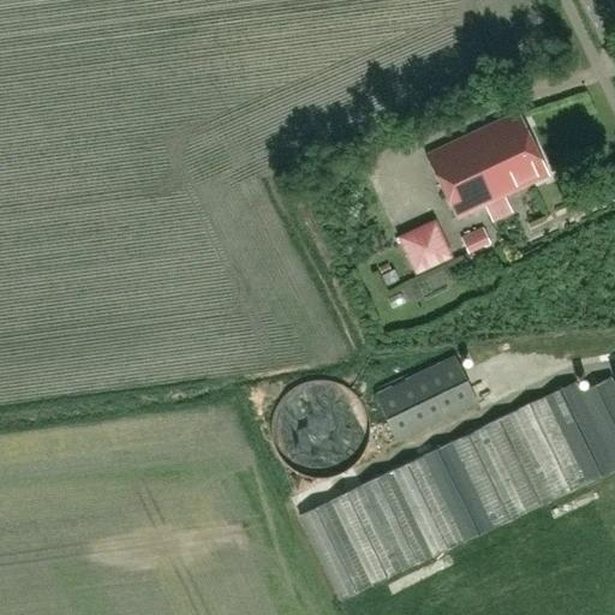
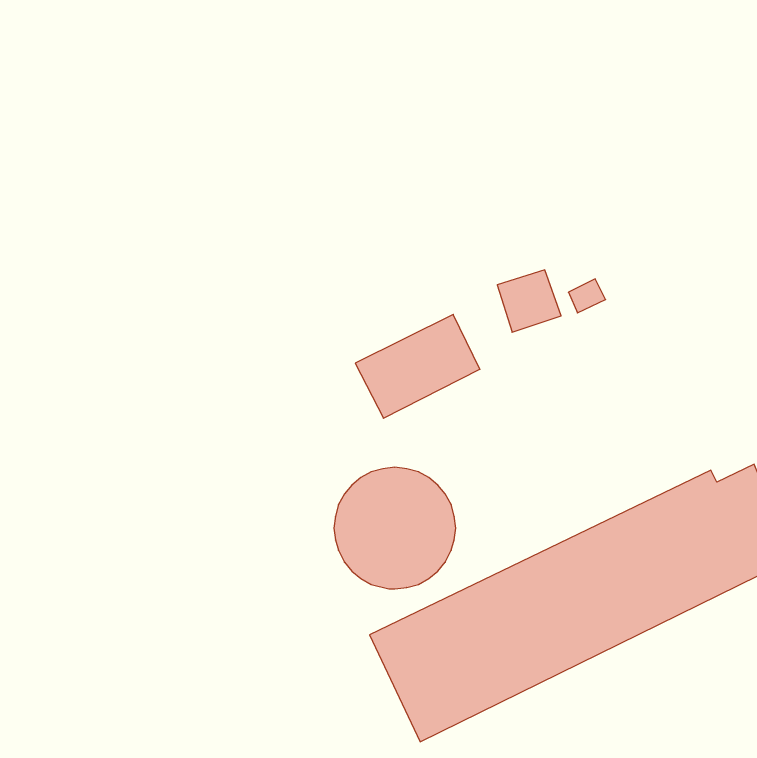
building: [428,109,547,216] -> none
building: [376,356,477,440] -> [355,314,480,418]

